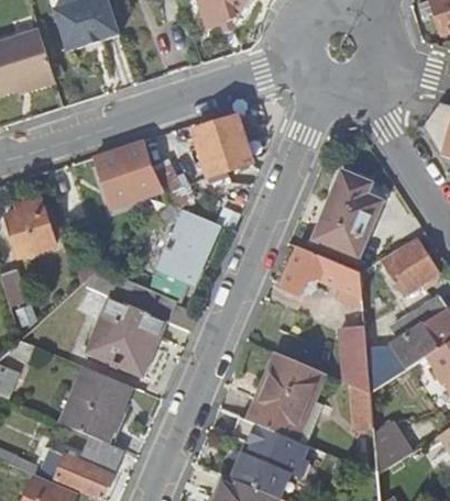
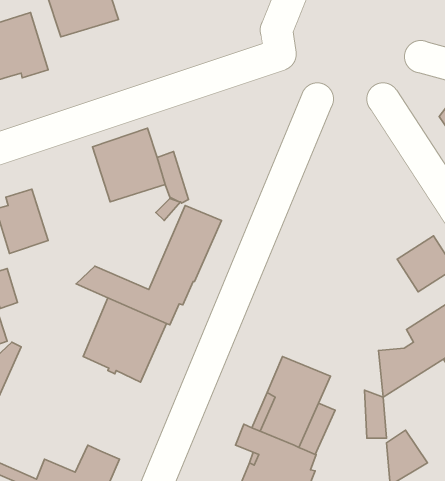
building: [196,116,254,177] -> none
building: [311,171,382,258] -> none
building: [282,247,362,305] -> none
building: [341,330,370,391] -> none
building: [63,368,132,442] -> none

